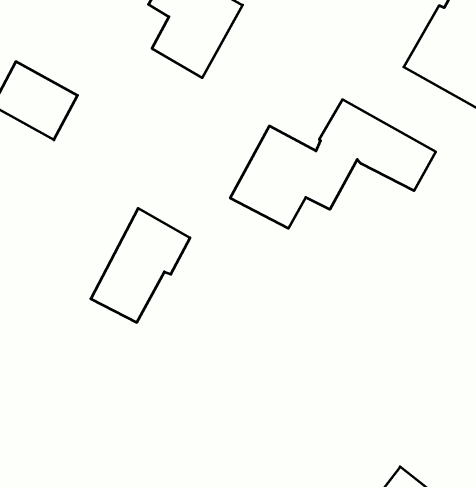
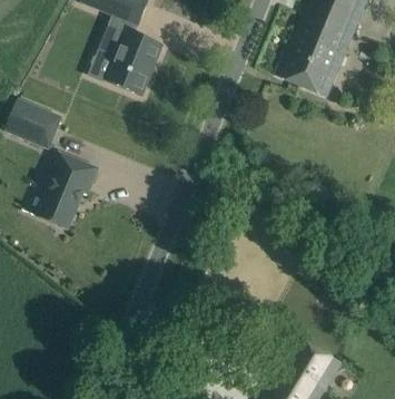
building: [230,100,436,228] -> none
building: [91,208,190,322] -> [37,152,98,227]

